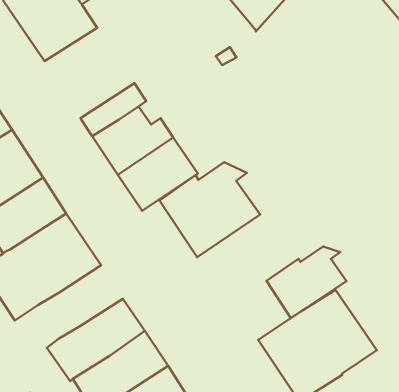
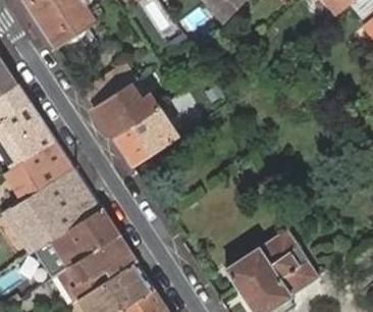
building: [159,162,260,257] -> none
building: [266,247,347,318] -> none
building: none -> [51,210,118,268]

